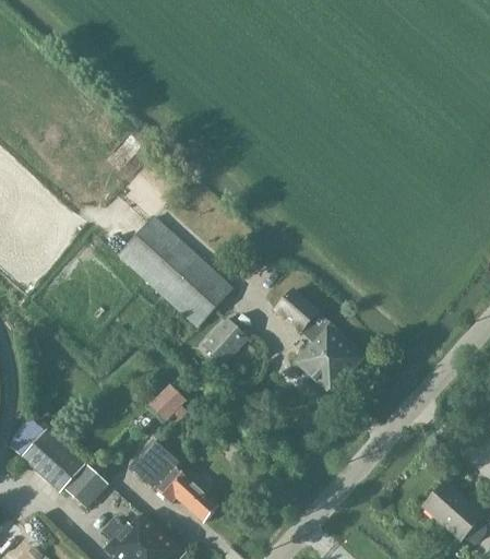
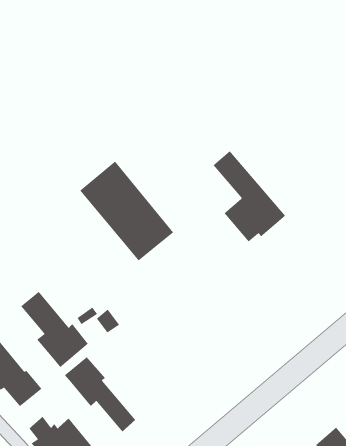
building: [275,289,366,391] -> [212,150,286,243]
building: [203,320,248,365] -> none
building: none -> [20,291,89,368]

